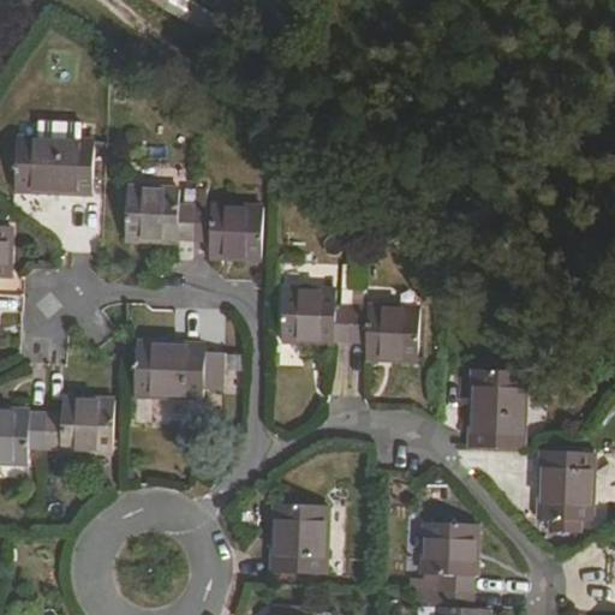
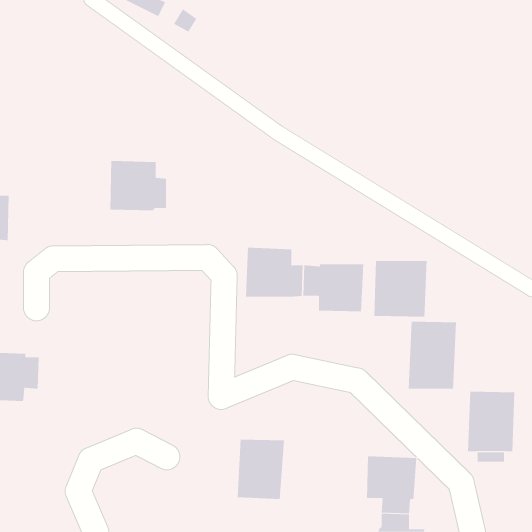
building: [16,136,94,192] -> none
building: [192,202,263,258] -> none
building: none -> [374,260,427,318]
building: [135,340,205,396] -> none
building: [44,396,114,452] -> none

